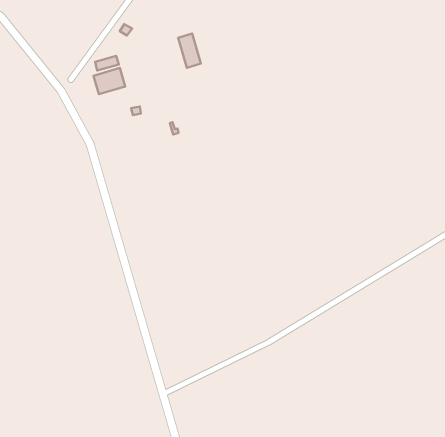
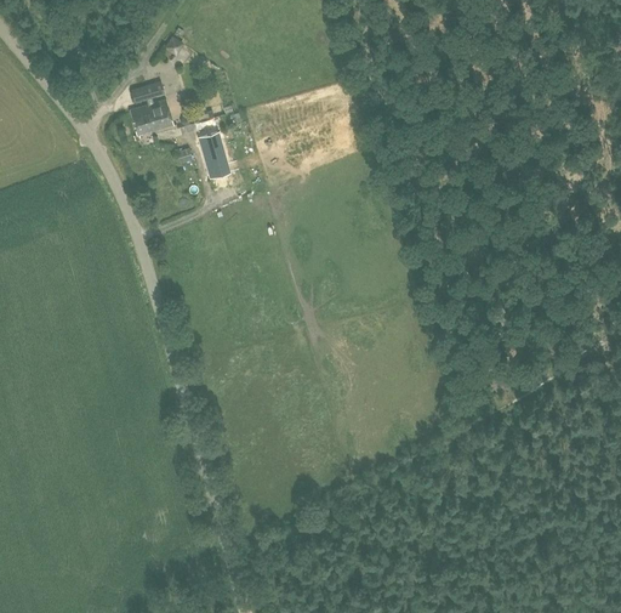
building: [178,34,201,68] -> [194,118,226,165]

